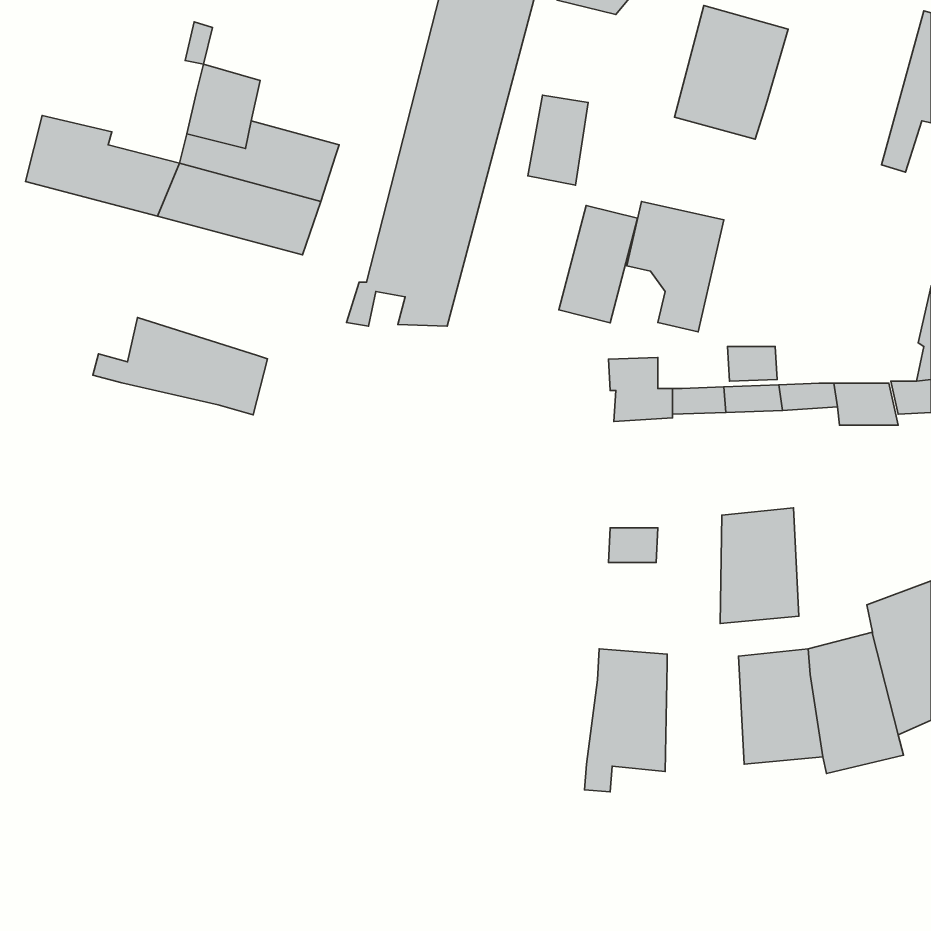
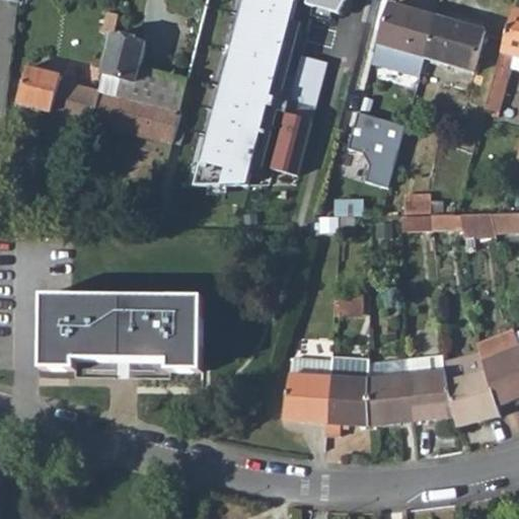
building: none -> [424,16,484,71]
building: [559,205,638,323] -> [271,107,314,172]
building: [93,318,267,415] -> none
building: [720,508,799,623] -> [368,363,412,427]
building: none -> [43,296,205,372]
building: none -> [283,356,331,423]

